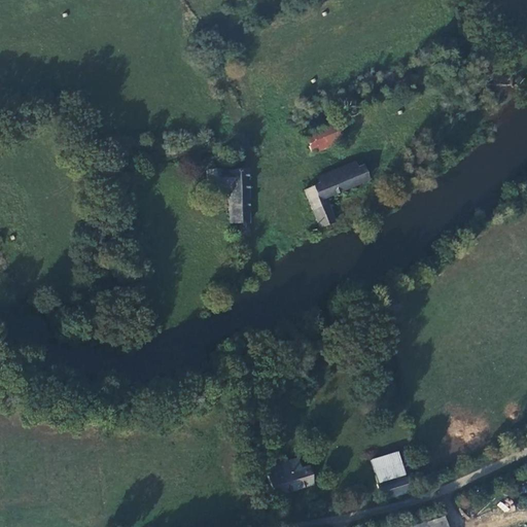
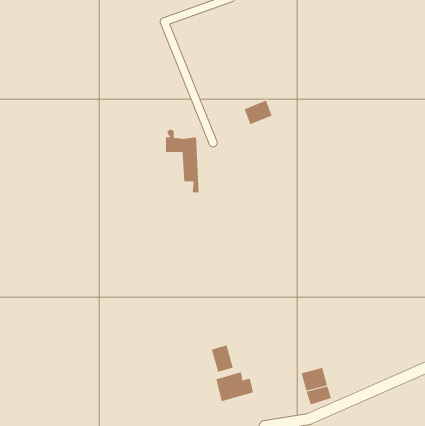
building: [303,166,370,224] -> none
building: none -> [211,345,233,373]

